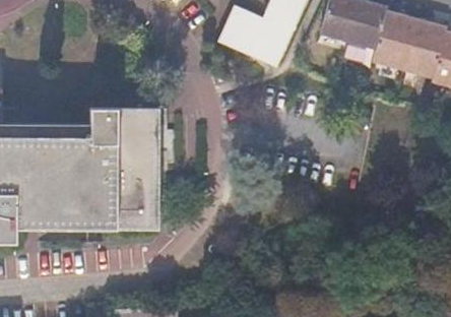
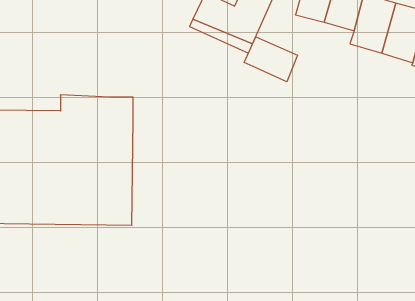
building: none -> [244,37,297,82]

